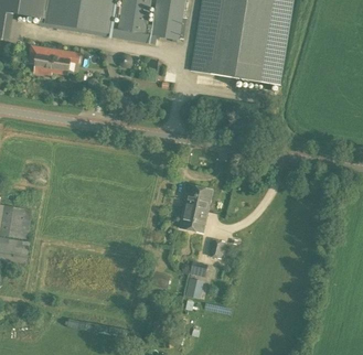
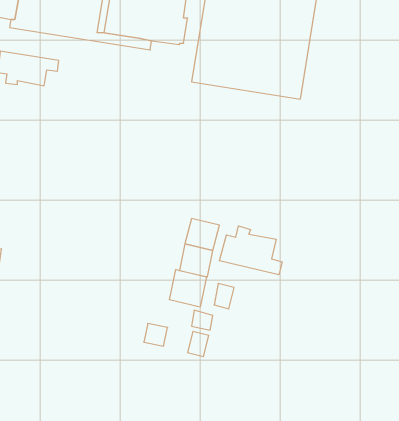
building: none -> [219,226,282,275]
building: none -> [169,269,207,307]

